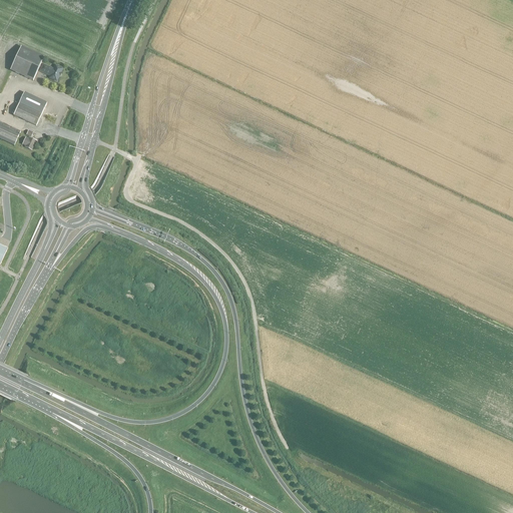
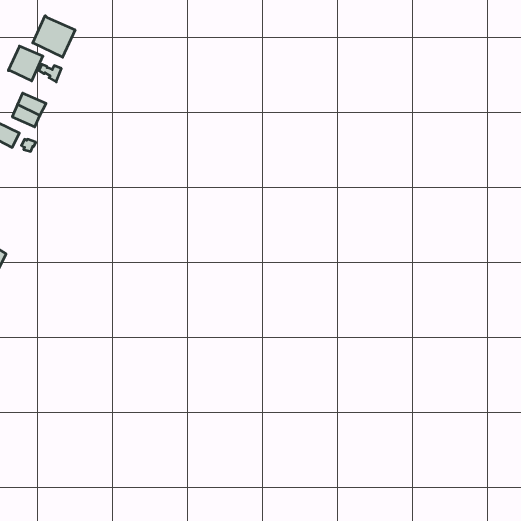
building: none -> [33,16,75,57]

